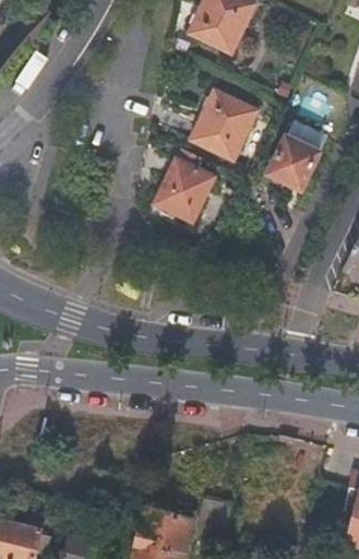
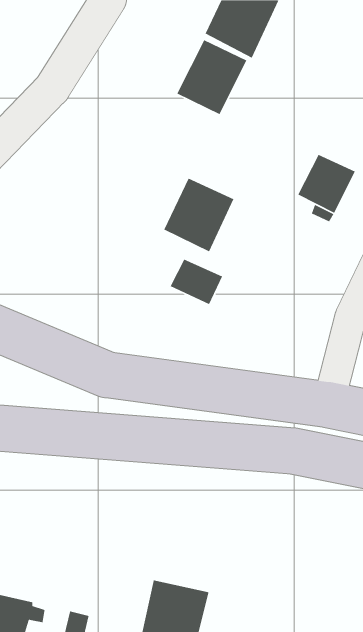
building: [195,92,258,158] -> [176,39,247,115]
building: none -> [169,258,223,305]

